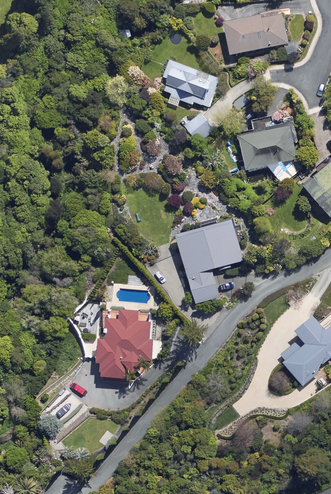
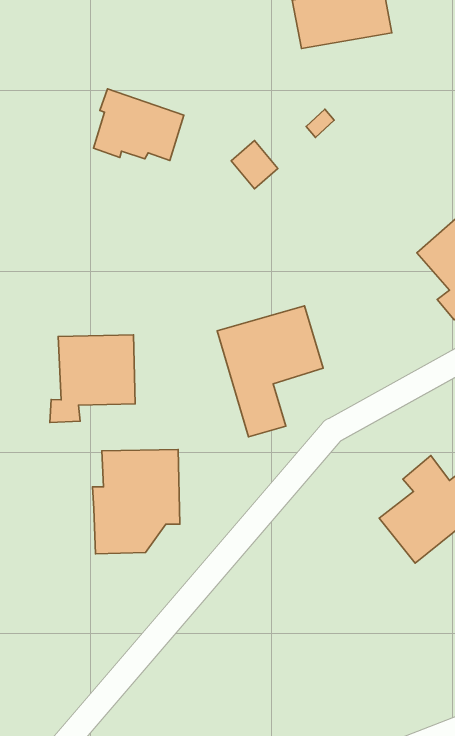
building: [160,60,218,106] -> [93,89,184,160]
building: [238,113,295,182] -> none
building: none -> [50,335,135,422]

